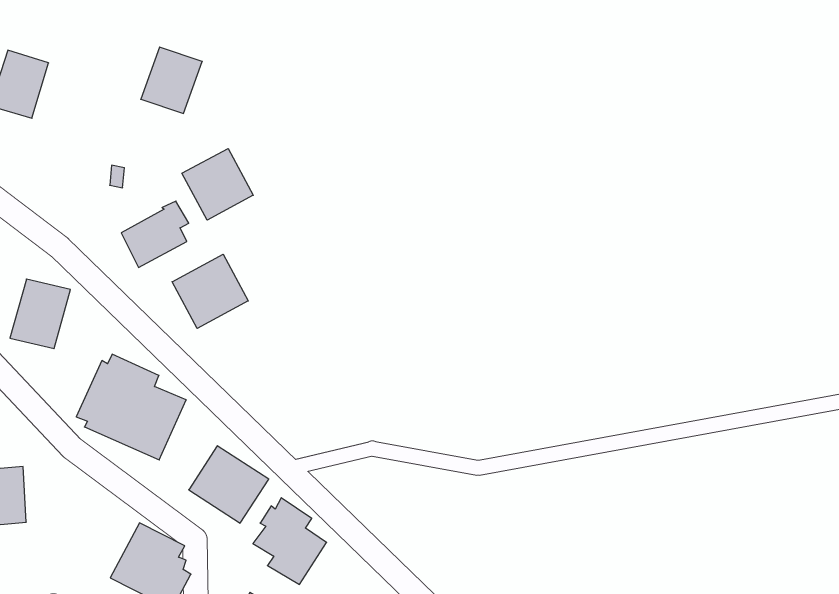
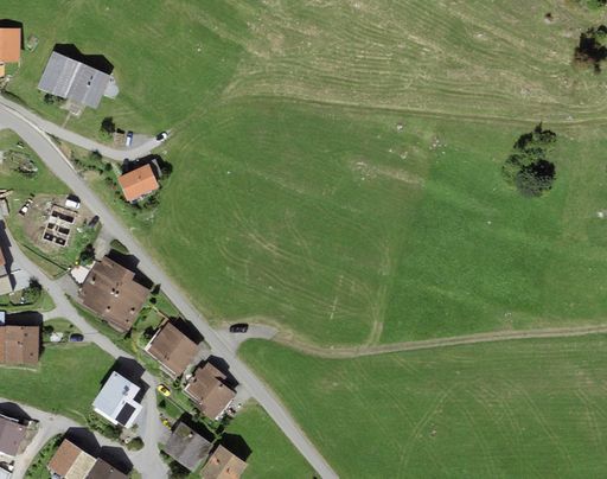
building: [141,47,202,113] -> [68,64,110,109]
building: [182,149,253,220] -> none
building: [172,254,248,328] -> none

